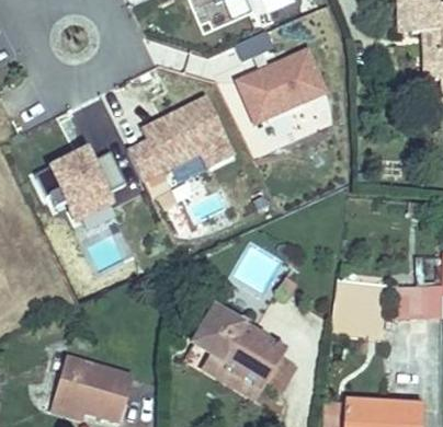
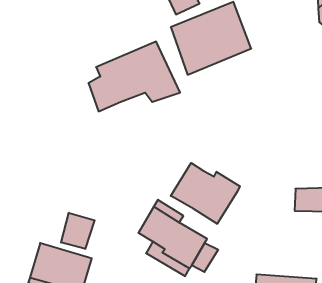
building: [49,150,121,227] -> none
building: none -> [171,163,240,224]
building: none -> [61,213,95,249]

